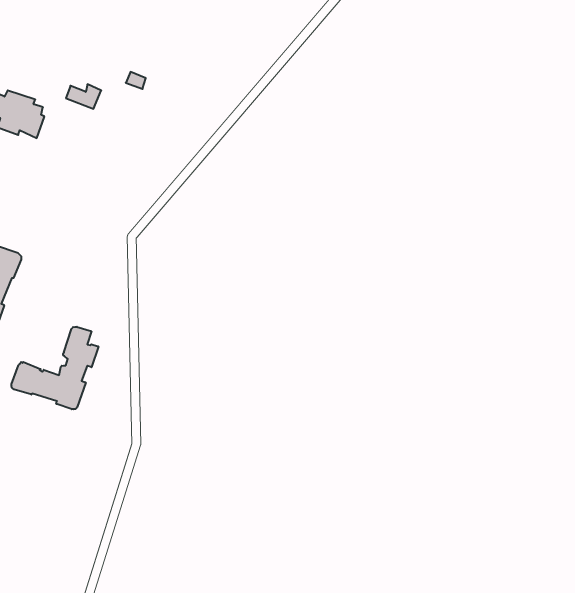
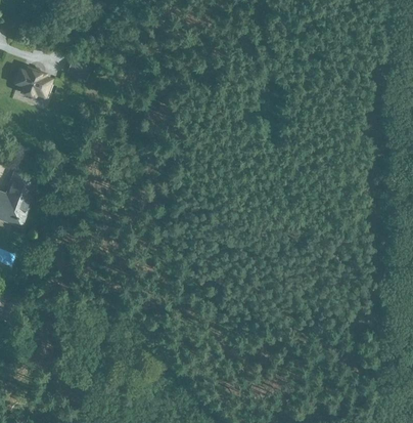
building: [11,327,98,409] -> none

